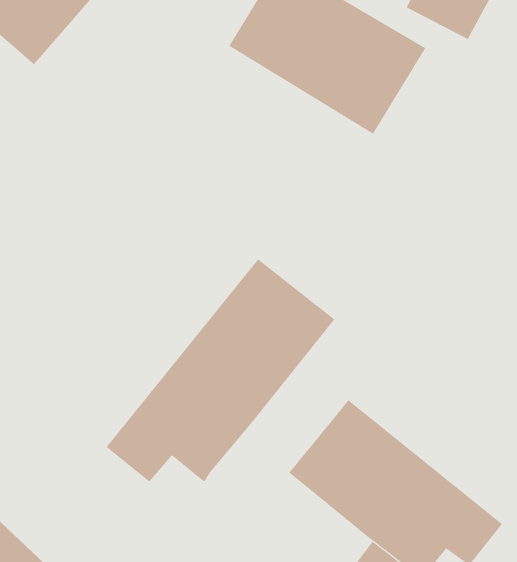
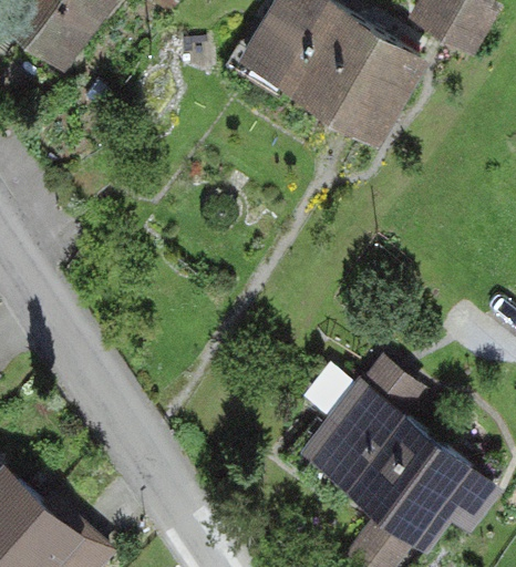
building: [106,258,335,482] -> none

